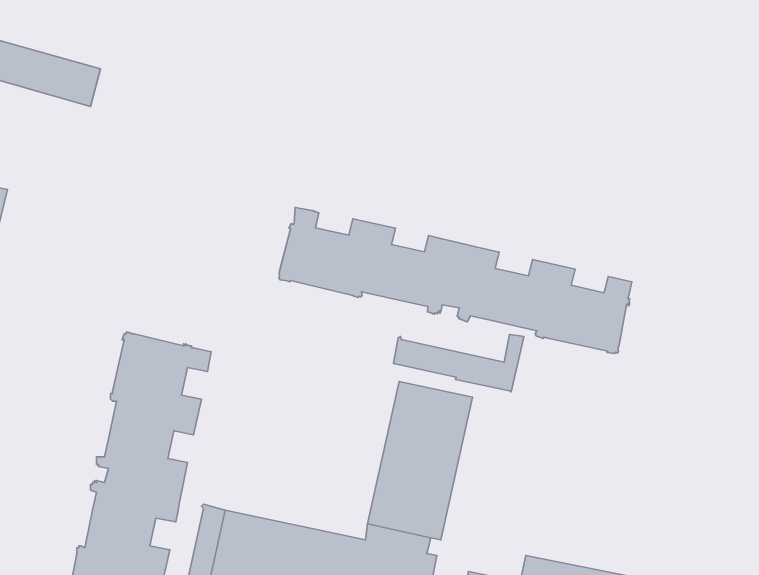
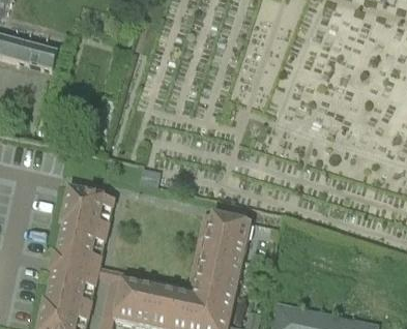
building: [279,207,632,354] -> none
building: [393,334,524,392] -> none

